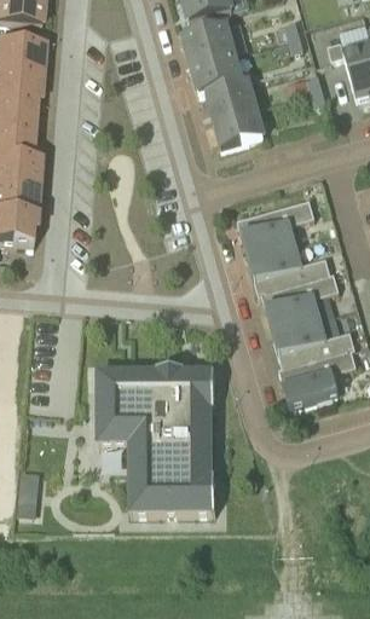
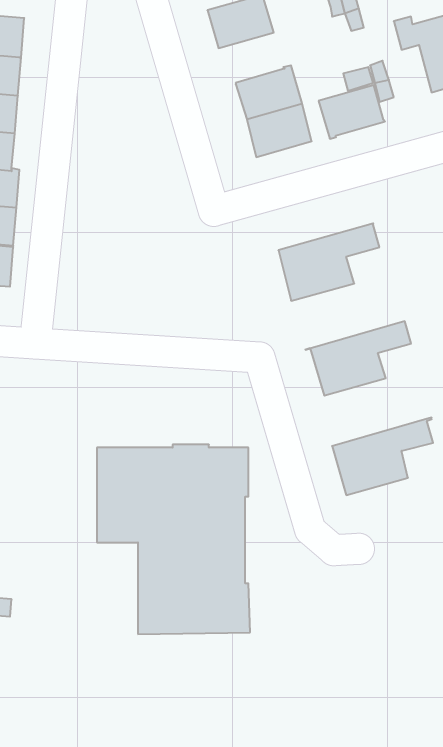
building: [192,53,243,94] -> [319,85,385,139]
building: [248,245,335,296] -> none
building: [273,318,355,370] -> none

